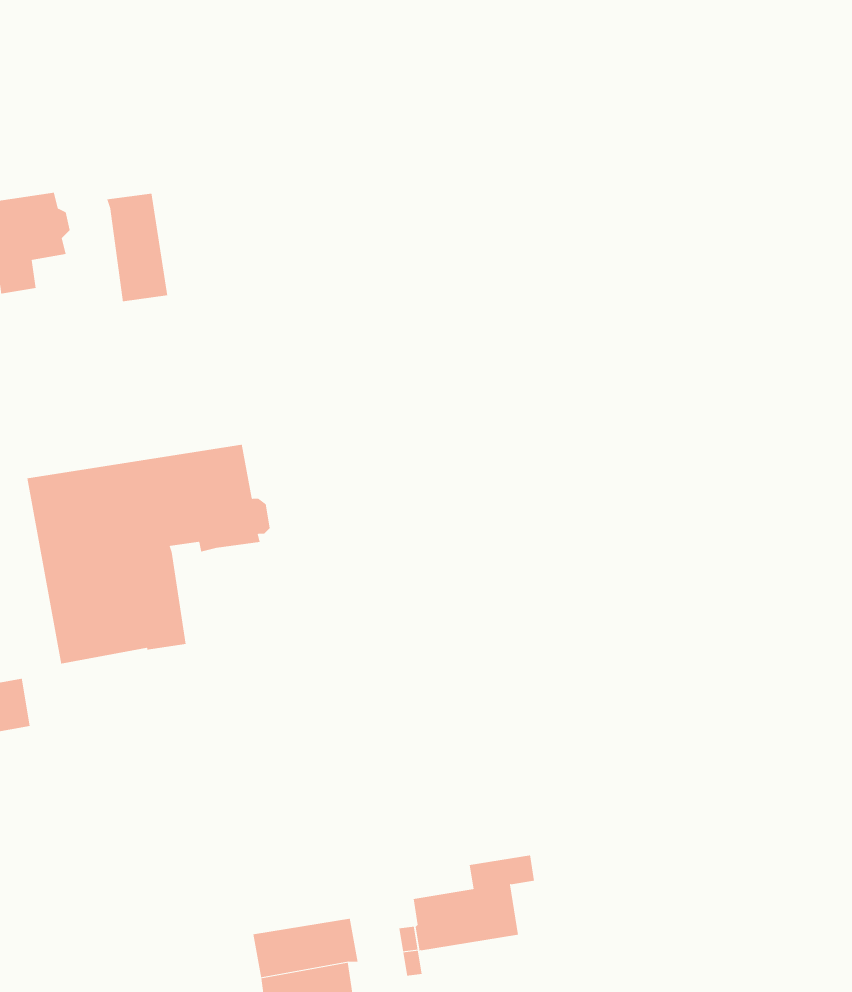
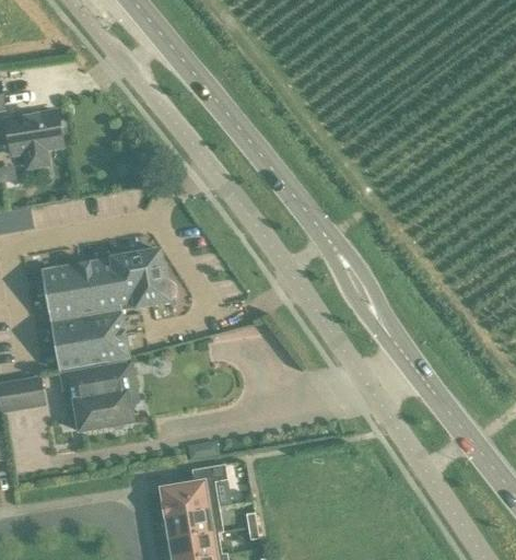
building: [106,193,168,302] -> none
building: none -> [61,363,134,431]
building: [413,855,535,953] -> [161,465,227,518]

